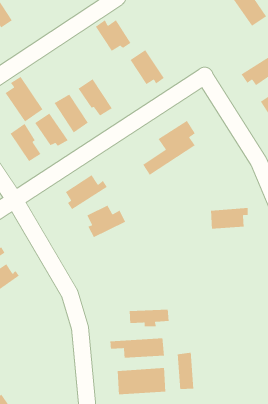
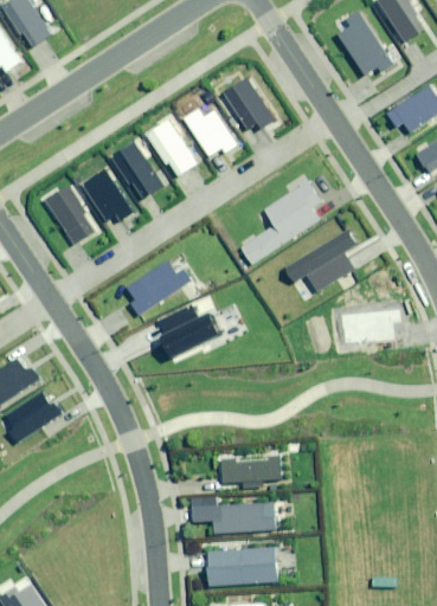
building: none -> [339,11,392,73]
building: [95,19,131,52] -> [184,108,238,156]
building: [5,76,43,122] -> none
building: none -> [285,230,356,290]
building: [177,352,194,390] -> none

